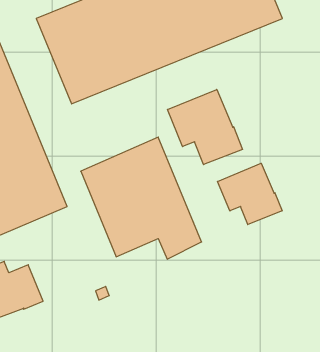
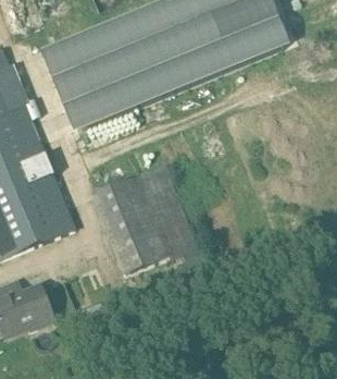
building: [168,89,242,165] -> none
building: [218,163,282,225] -> none

